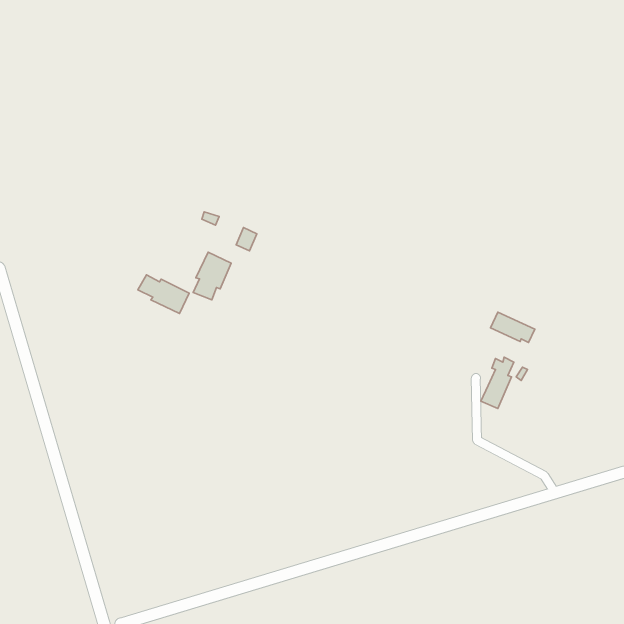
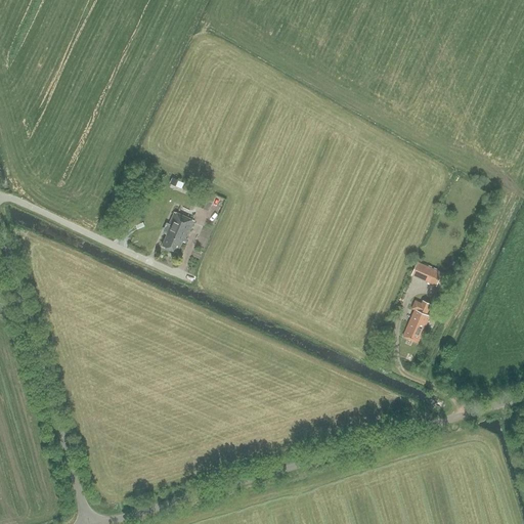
building: [138,275,189,313] -> none

